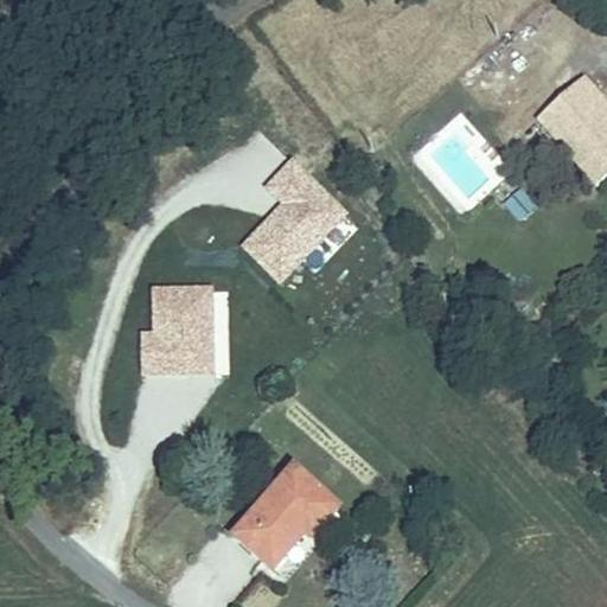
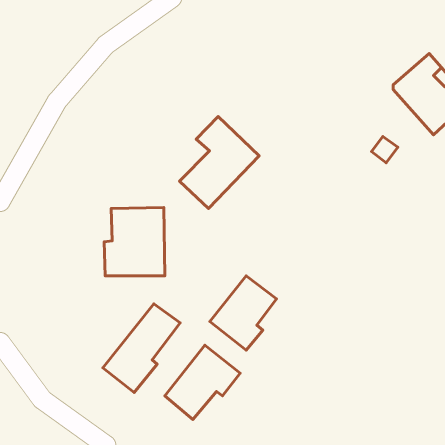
building: none -> [210,276,276,350]
building: none -> [103,304,180,392]

